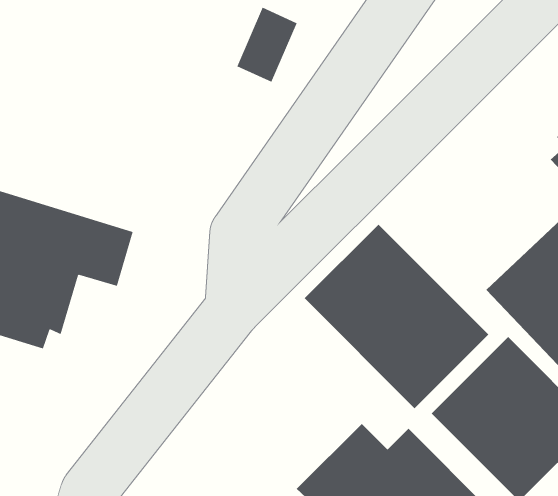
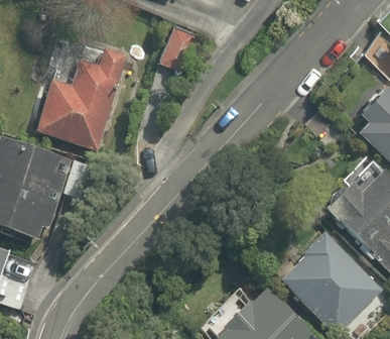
building: none -> [34,40,134,154]
building: [304,224,489,409] -> none

